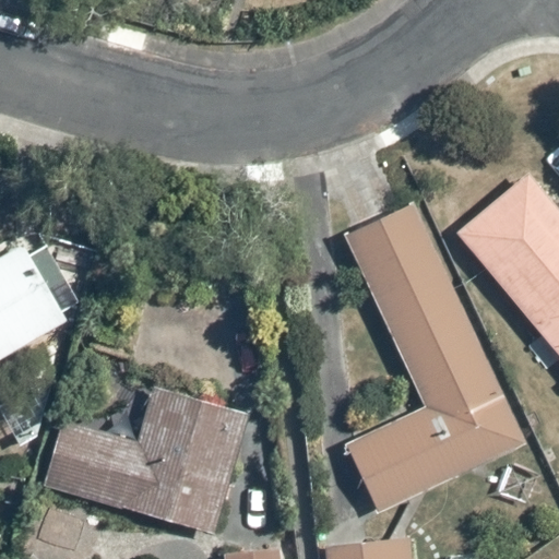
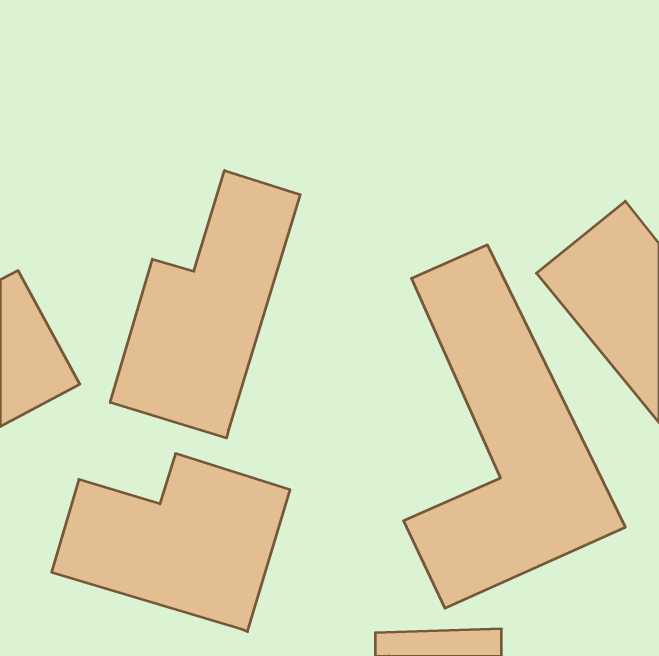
building: none -> [110,170,300,438]

